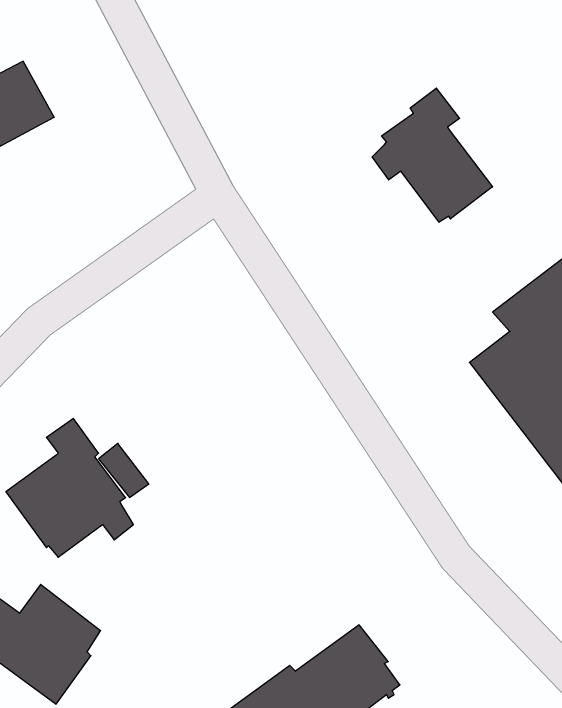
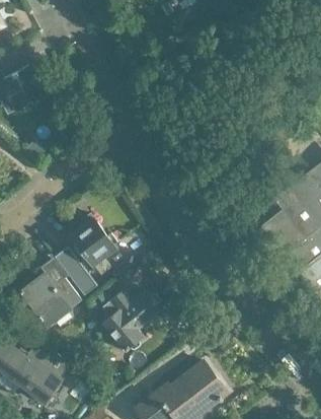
building: [372,88,493,222] -> none
building: none -> [70,214,116,275]
building: none -> [101,290,160,351]

